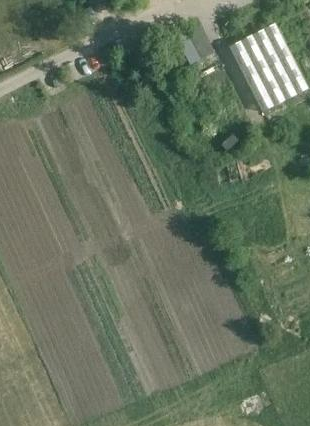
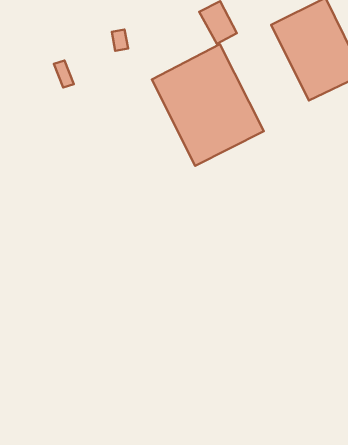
building: none -> [152,44,264,166]

